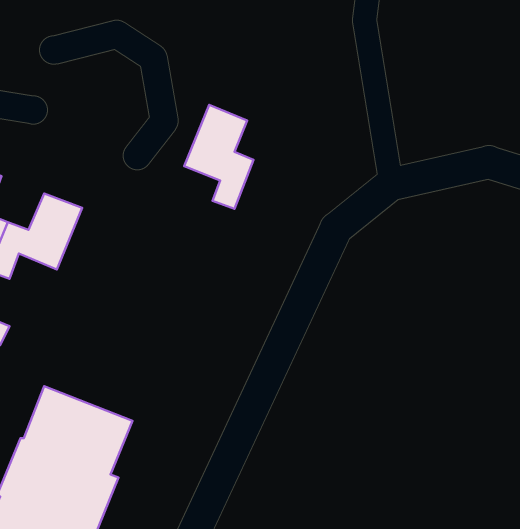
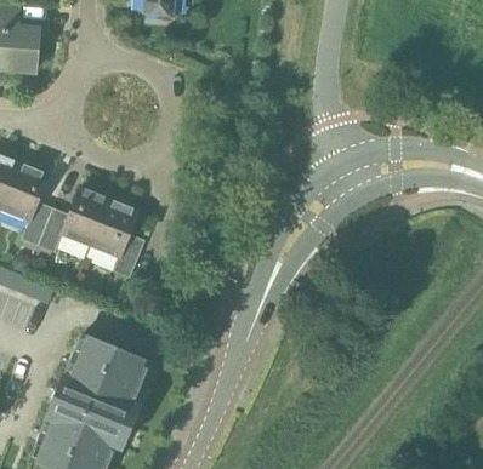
building: [184,105,253,209] -> [91,199,144,279]

